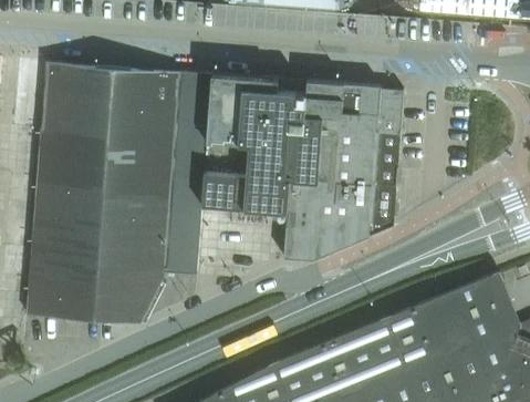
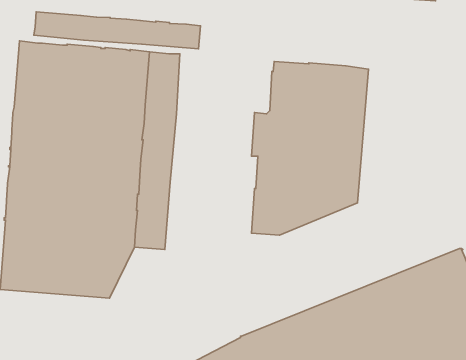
building: none -> [34,12,201,49]
building: [200,75,304,213] -> none

